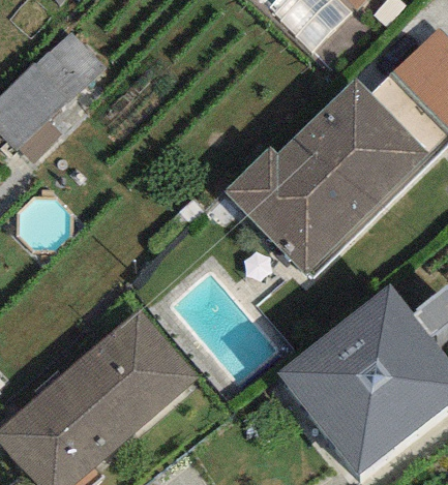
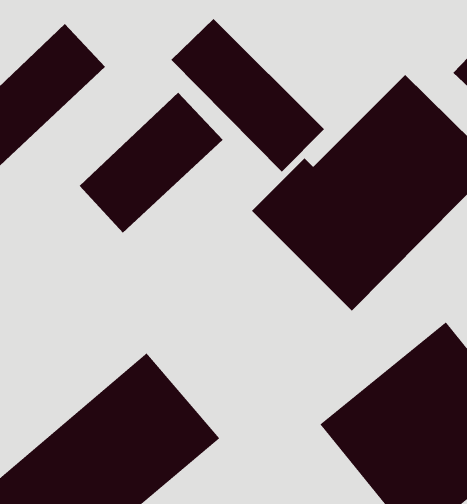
building: none -> [170,18,325,172]
building: none -> [79,92,223,233]

